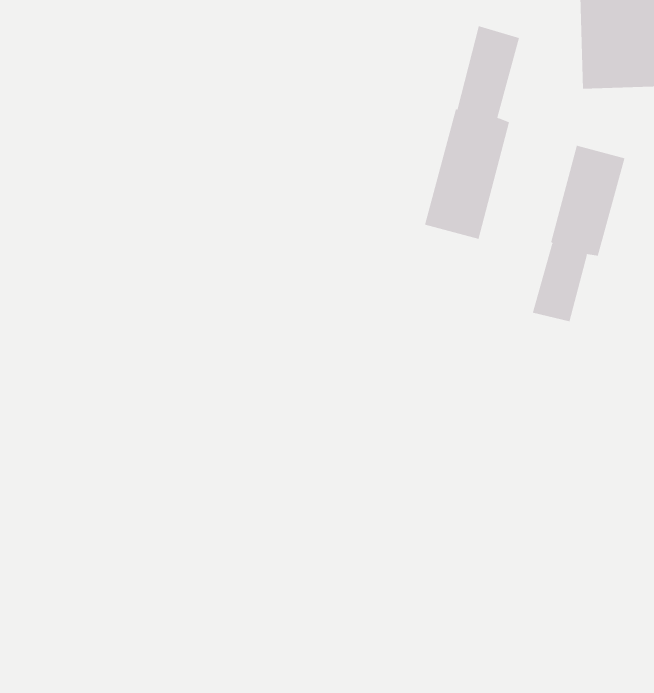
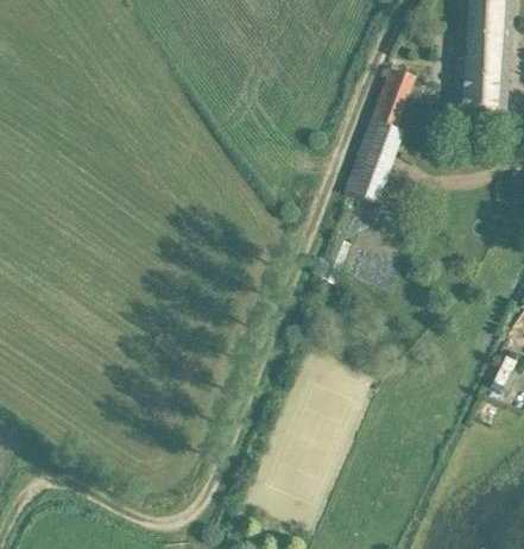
building: [532,145,625,322] -> none

